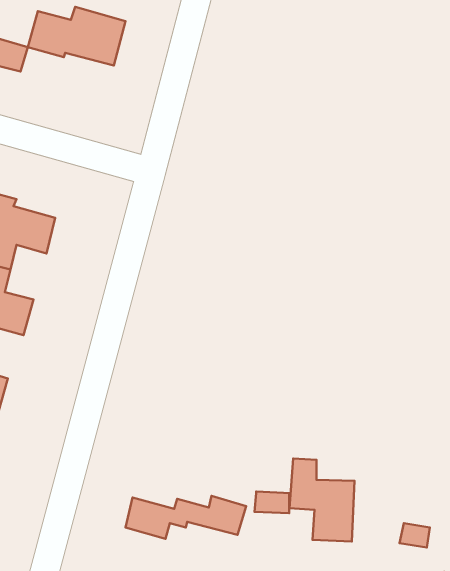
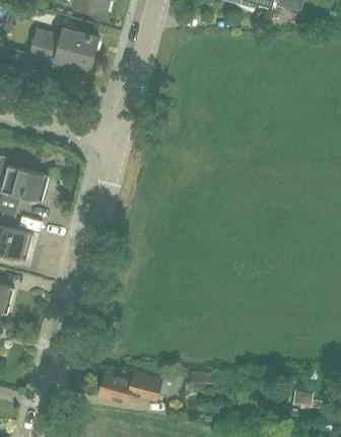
building: [289,459,354,541] -> none

